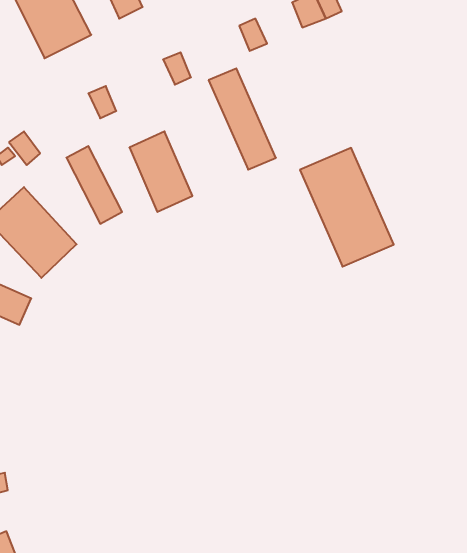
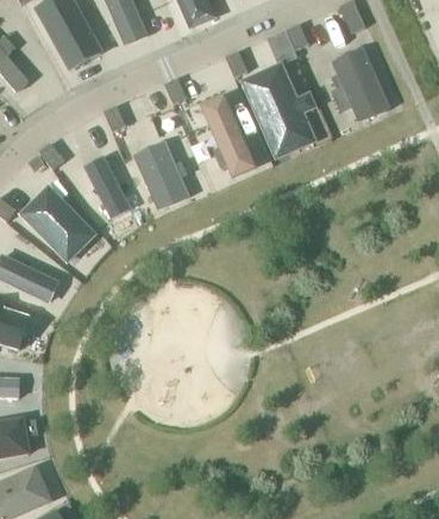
building: none -> [332,50,388,120]
building: [300,148,394,267] -> [239,61,315,157]

